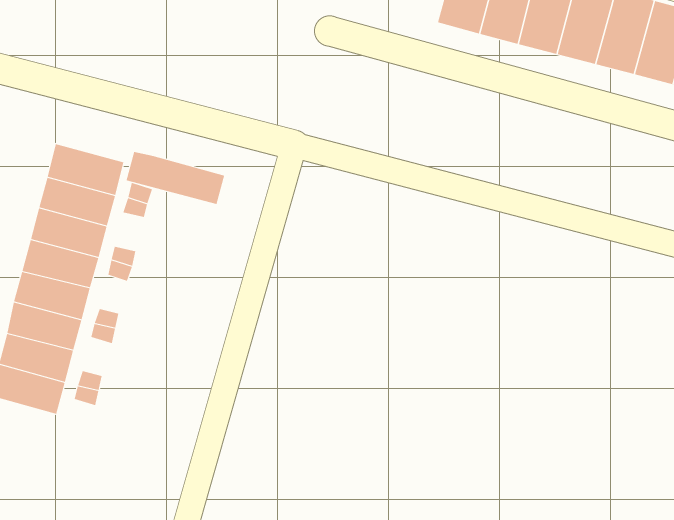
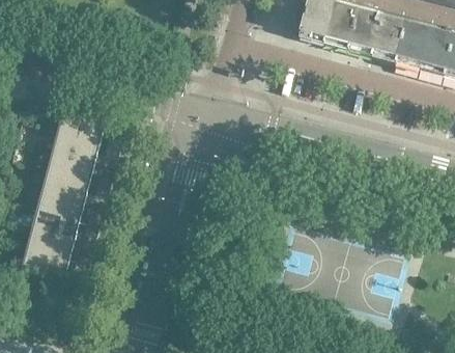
building: [126,151,225,205] -> none

